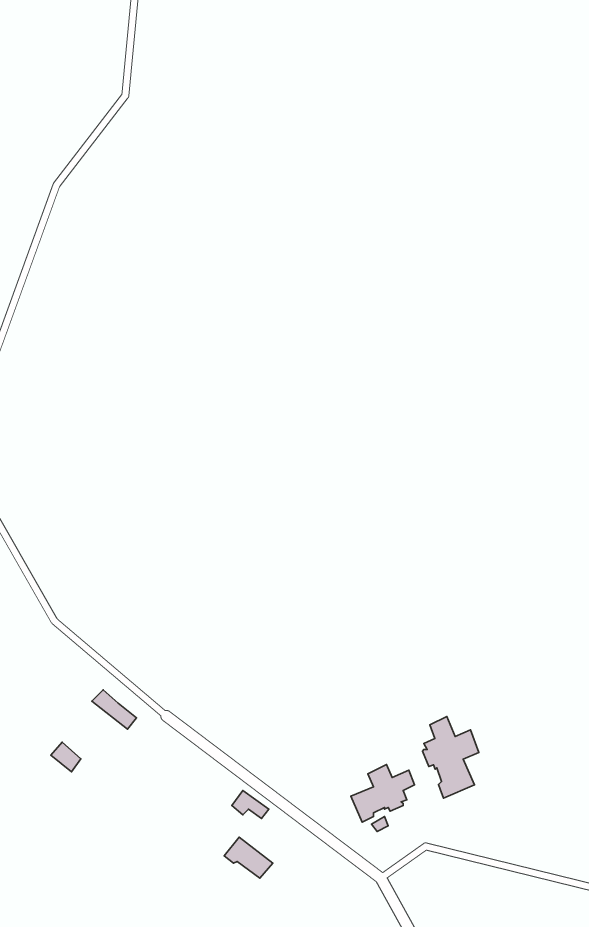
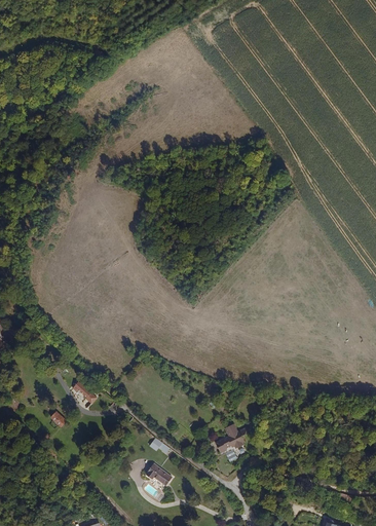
building: [422,717,479,798] -> none

